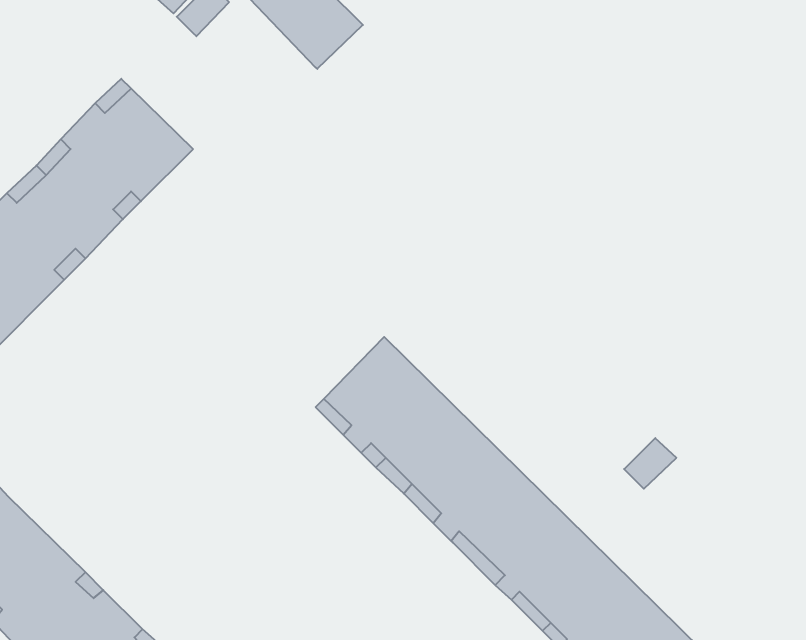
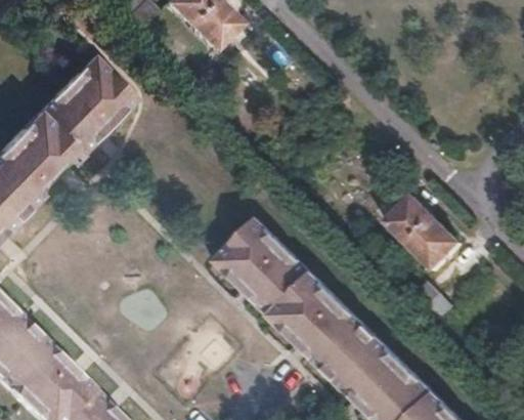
building: none -> [387,199,463,272]

